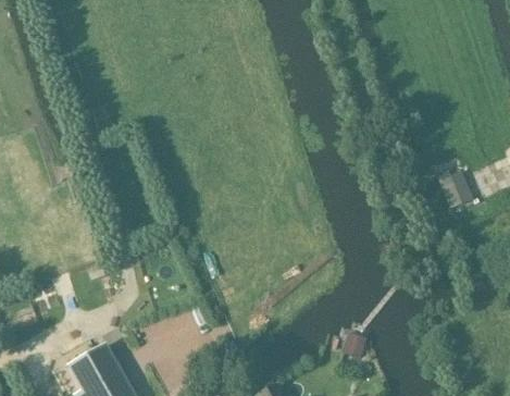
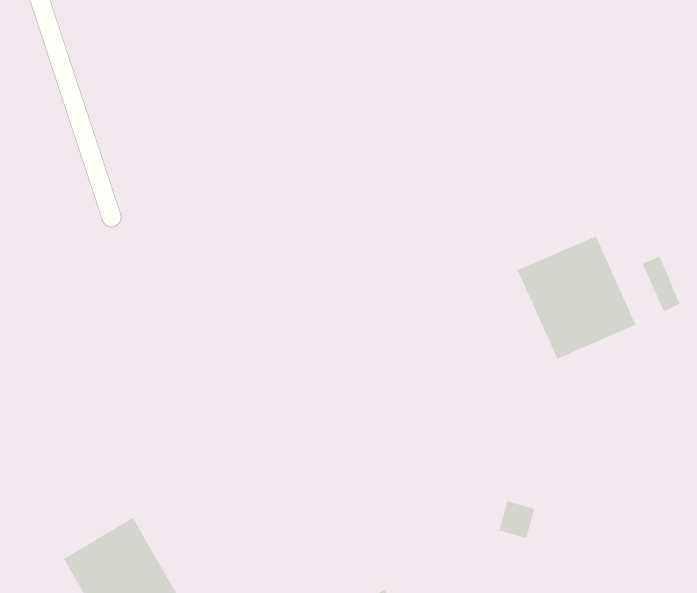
building: none -> [517,236,636,360]

